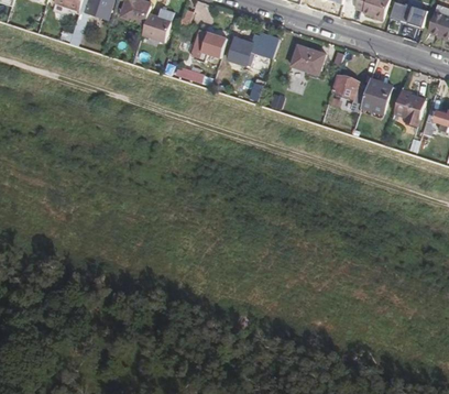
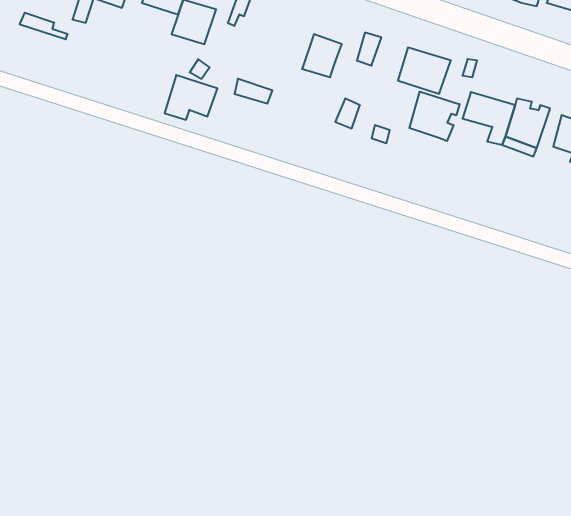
building: [191,30,227,59] -> [165,75,217,120]
building: none -> [409,92,460,141]

